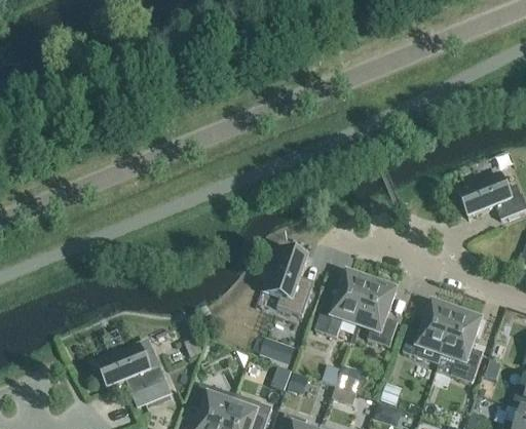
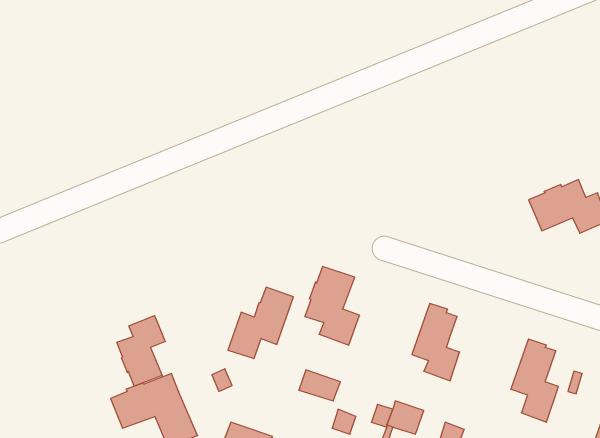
building: [314,275,371,337] -> [228,287,293,359]
building: none -> [117,316,165,386]
building: [403,305,456,359] -> none

